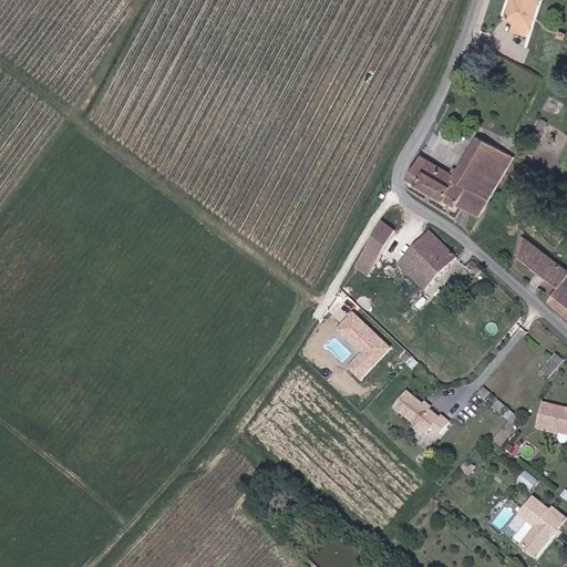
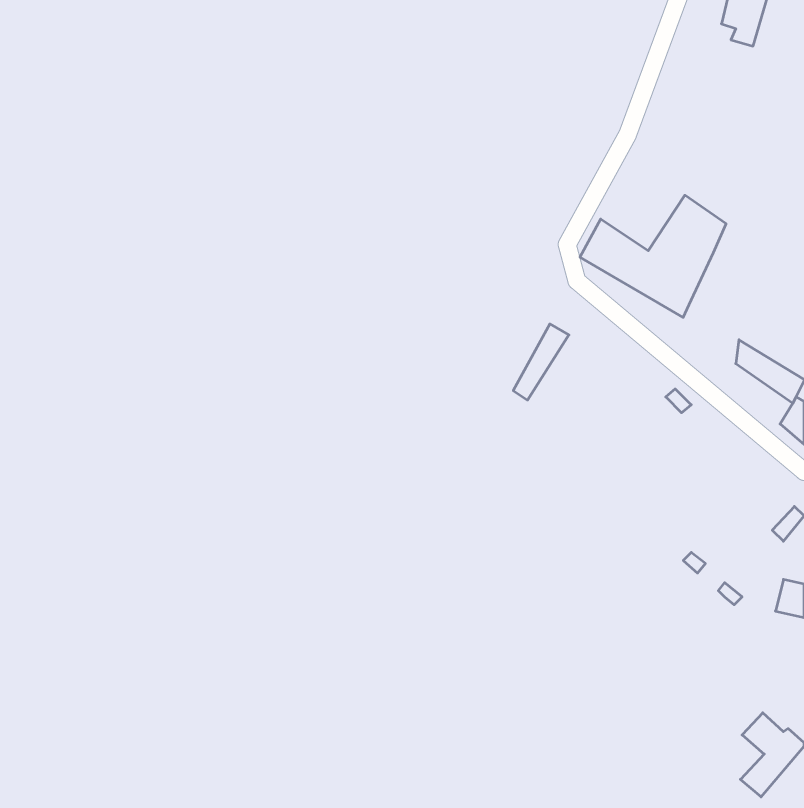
building: [393,231,455,290] -> none
building: [341,312,384,374] -> none
building: [396,386,451,434] -> none

